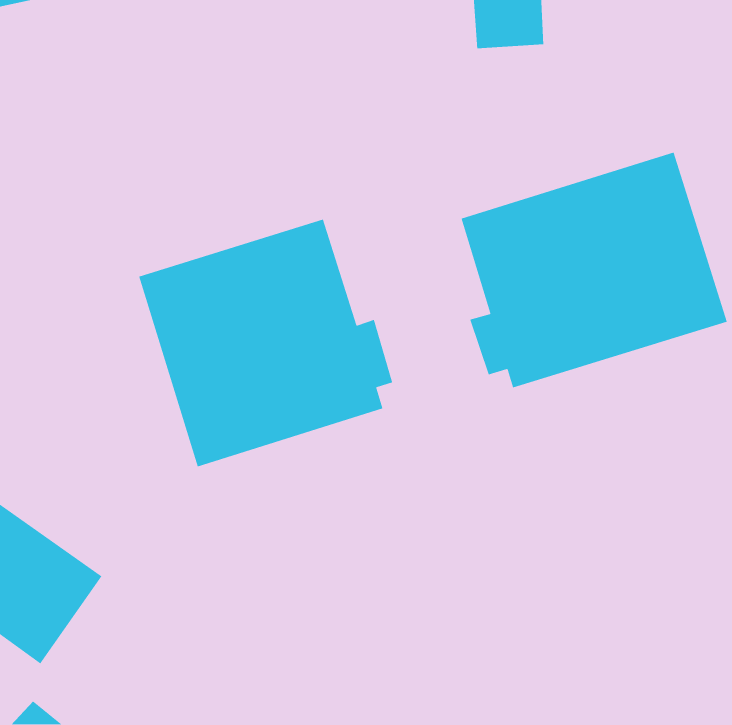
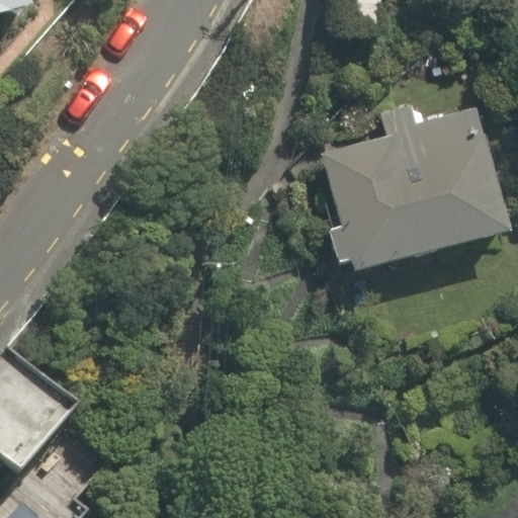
building: [138,219,393,467] -> none

